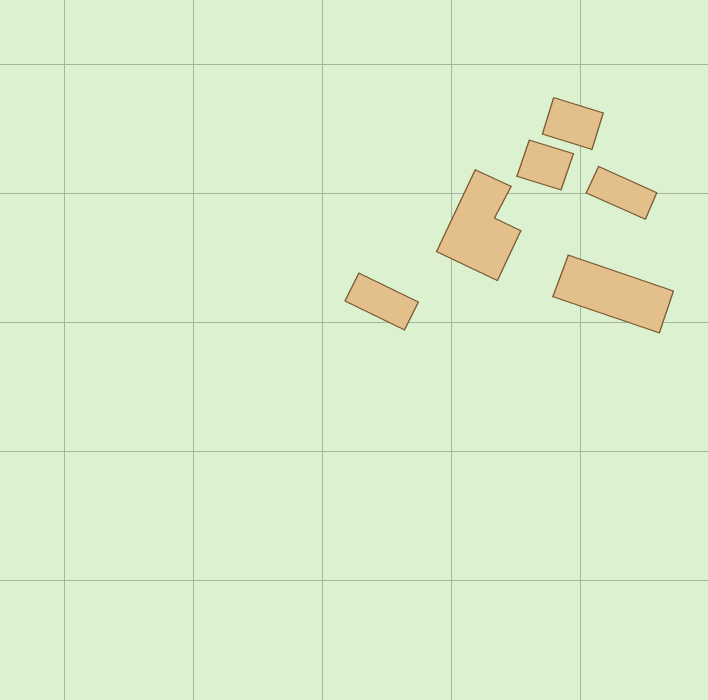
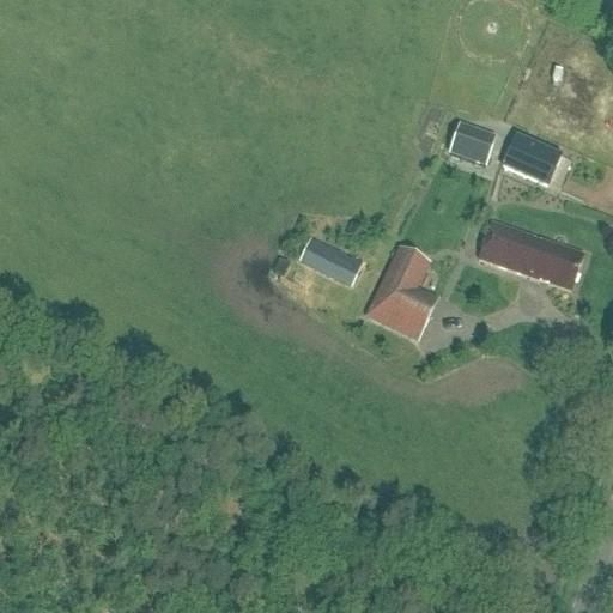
building: [543,98,603,150] -> none
building: [436,170,521,281] -> [365,244,438,340]

